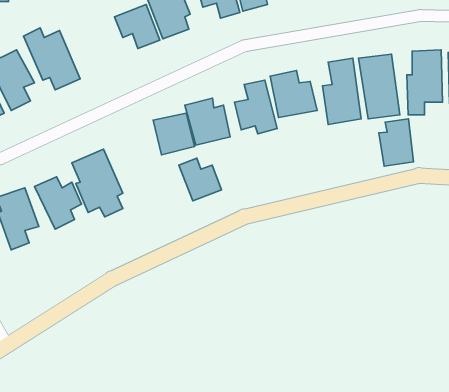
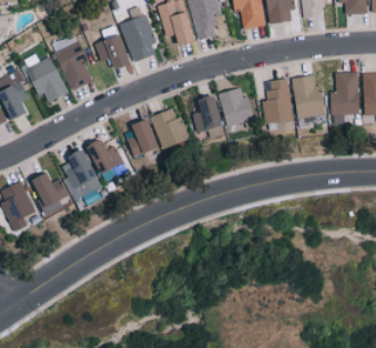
building: none -> [55,39,92,90]
building: [379,119,413,166] -> none
building: [179,158,222,201] -> [90,140,124,174]

